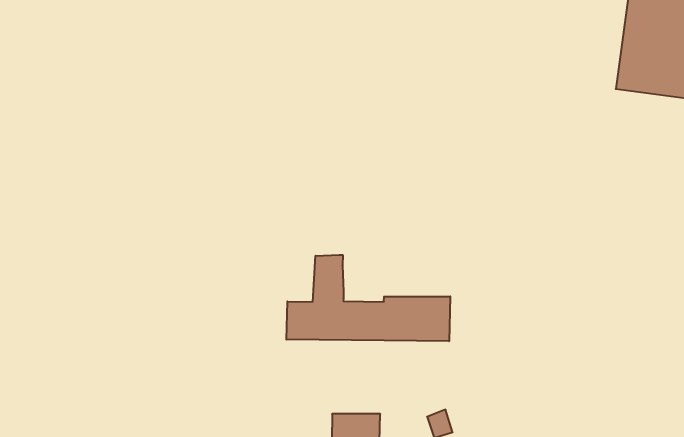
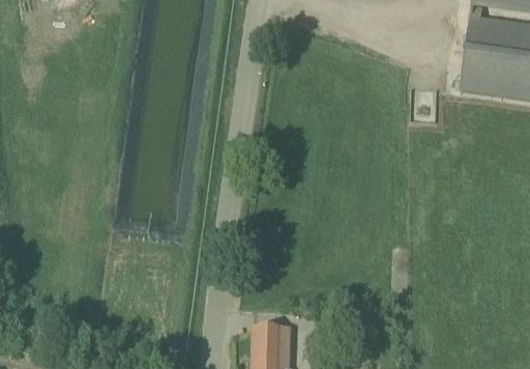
building: [286,255,450,341] -> none

